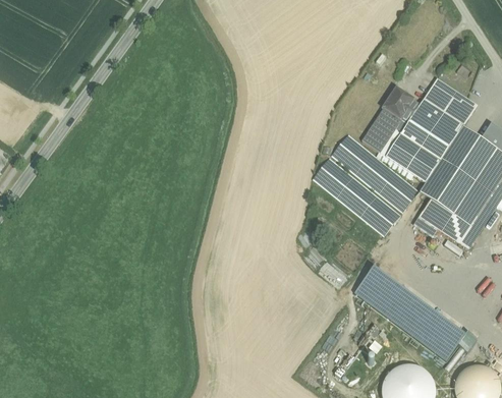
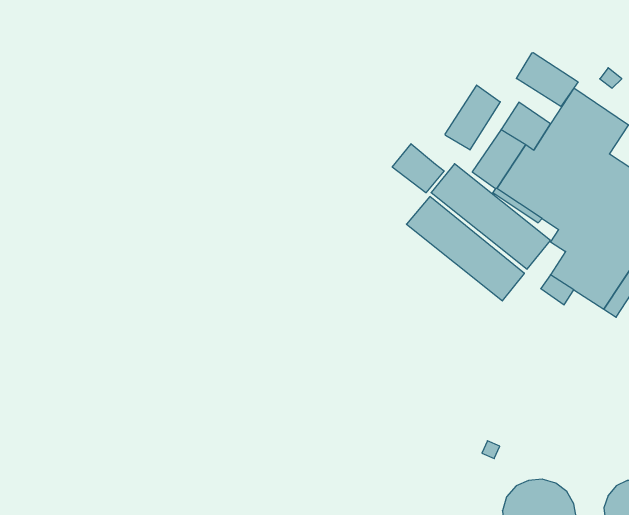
building: none -> [516,53,578,107]
building: none -> [445,85,500,150]
building: none -> [392,144,444,193]
building: [357,268,468,362] -> none

